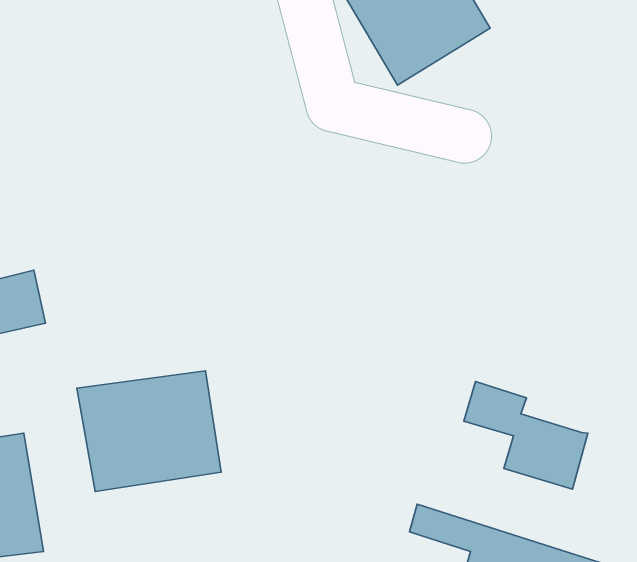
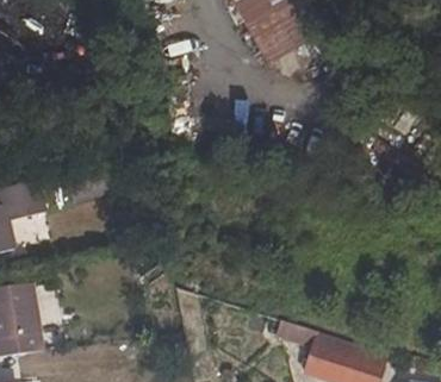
building: [77,371,221,491] -> none
building: [464,381,588,489] -> none

